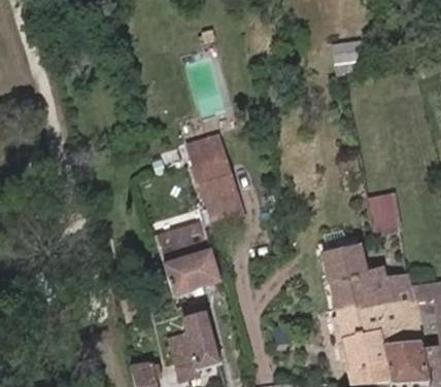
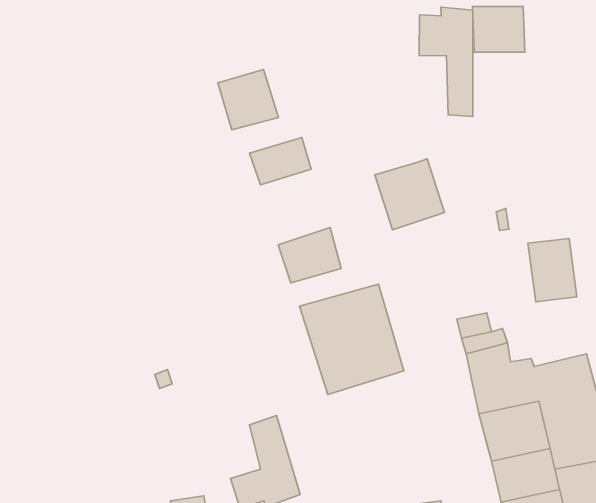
building: none -> [419,7,473,116]
building: none -> [218,70,278,130]
building: [193,152,238,199] -> [375,159,445,230]
building: [154,222,222,294] -> [300,284,404,395]

